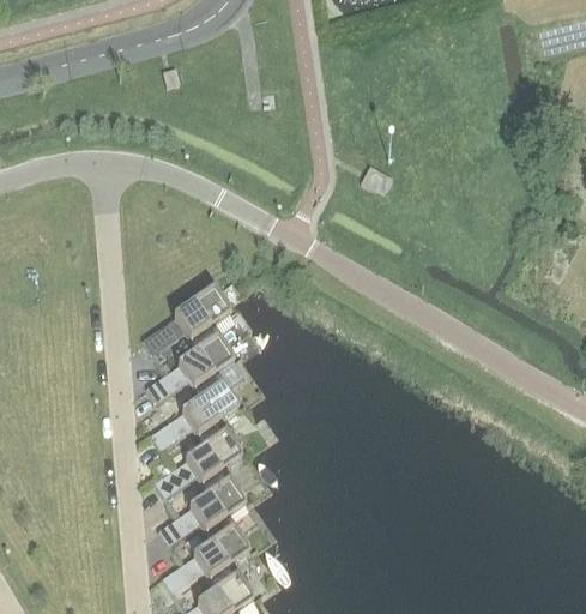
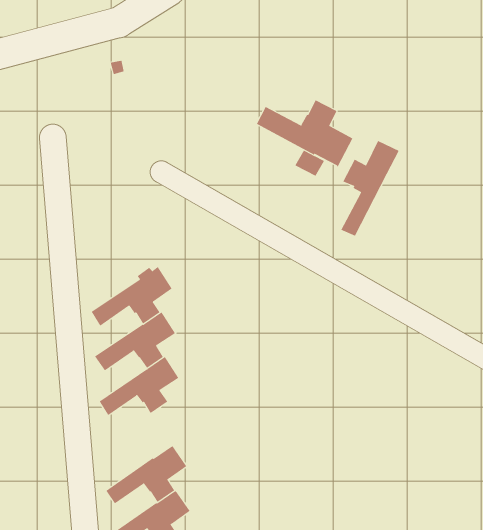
building: none -> [256,99,353,167]
building: none -> [341,140,400,237]
building: [156,432,243,495] -> none

